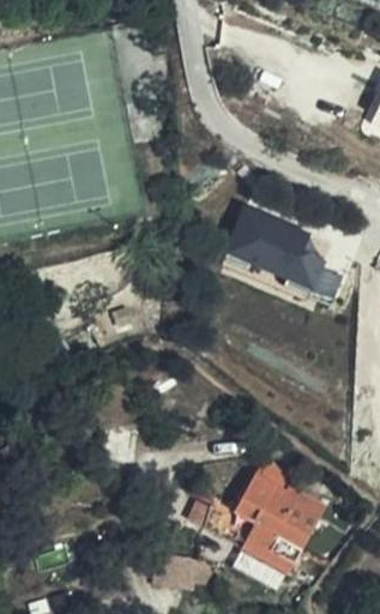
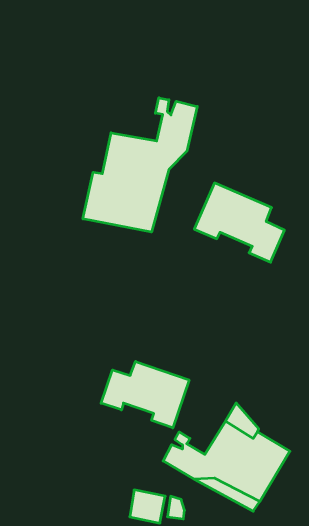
building: none -> [83,98,197,232]
building: none -> [101,361,189,428]

